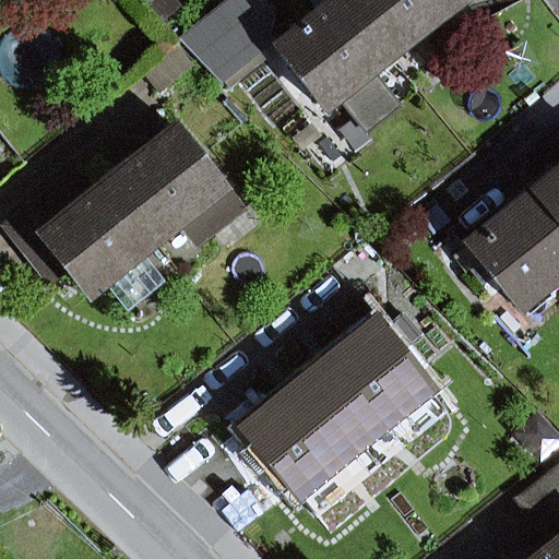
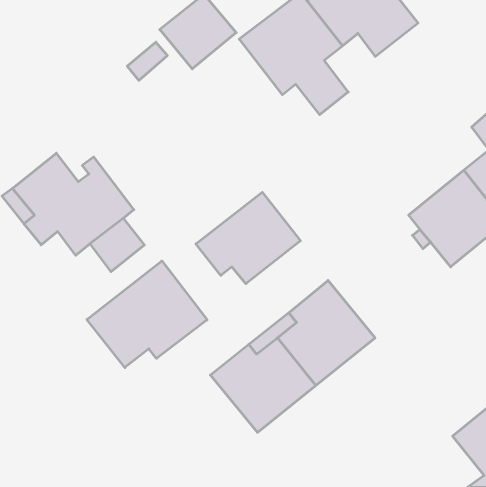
building: [110,127,240,240] -> none
building: none -> [196,192,300,284]
building: none -> [87,261,207,368]

